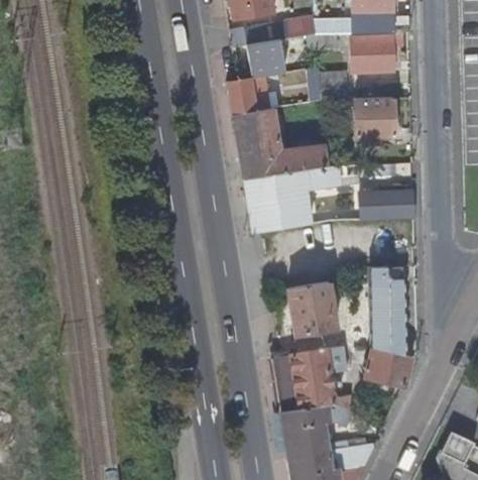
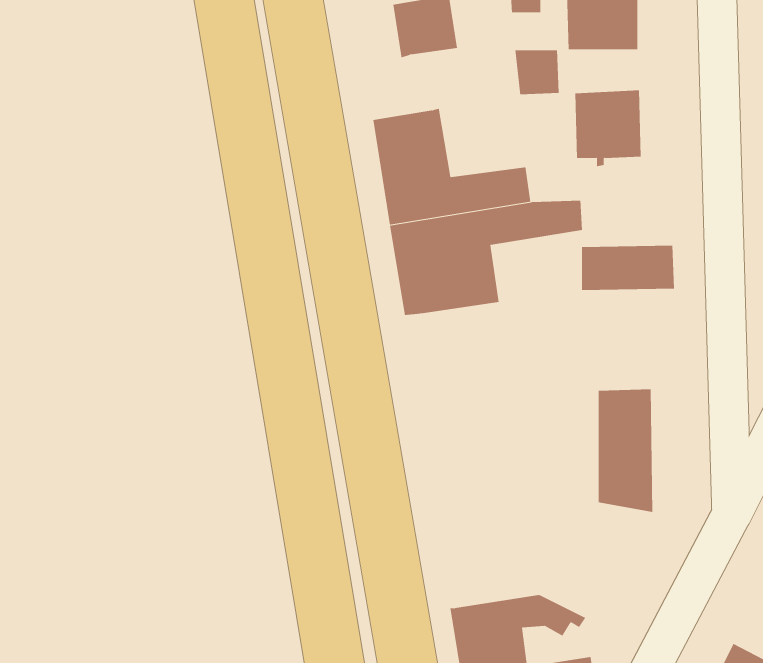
building: [228,76,270,115] -> none
building: [287,280,337,336] -> none
building: [365,346,410,385] -> none
building: [275,347,347,409] -> none

